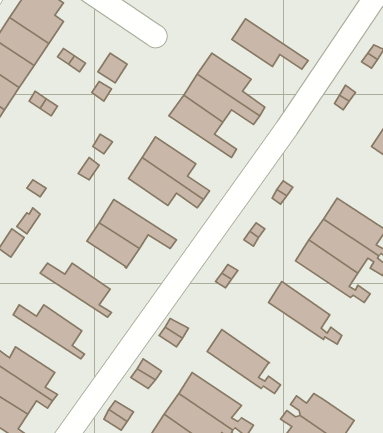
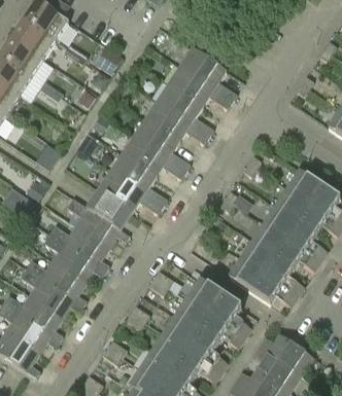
building: [232,19,308,69] -> [145,101,209,143]
building: none -> [110,153,167,205]
building: none -> [66,196,130,246]
building: none -> [251,222,317,271]
building: none -> [43,232,105,281]
building: none -> [228,257,295,304]
building: none -> [20,267,82,316]
building: none -> [176,298,242,346]

